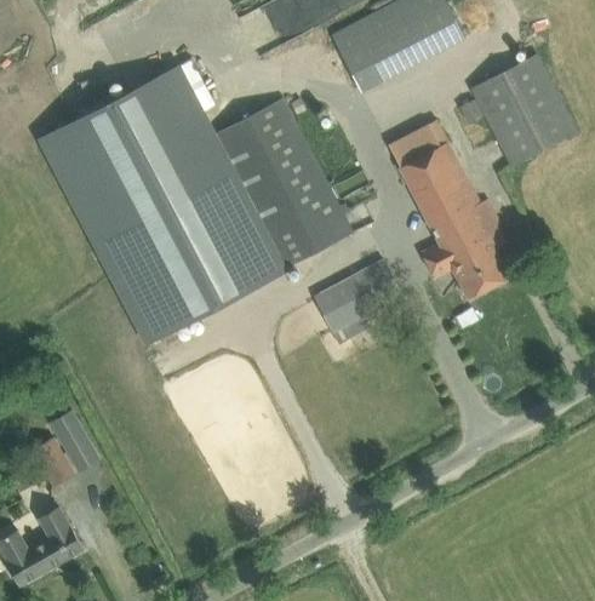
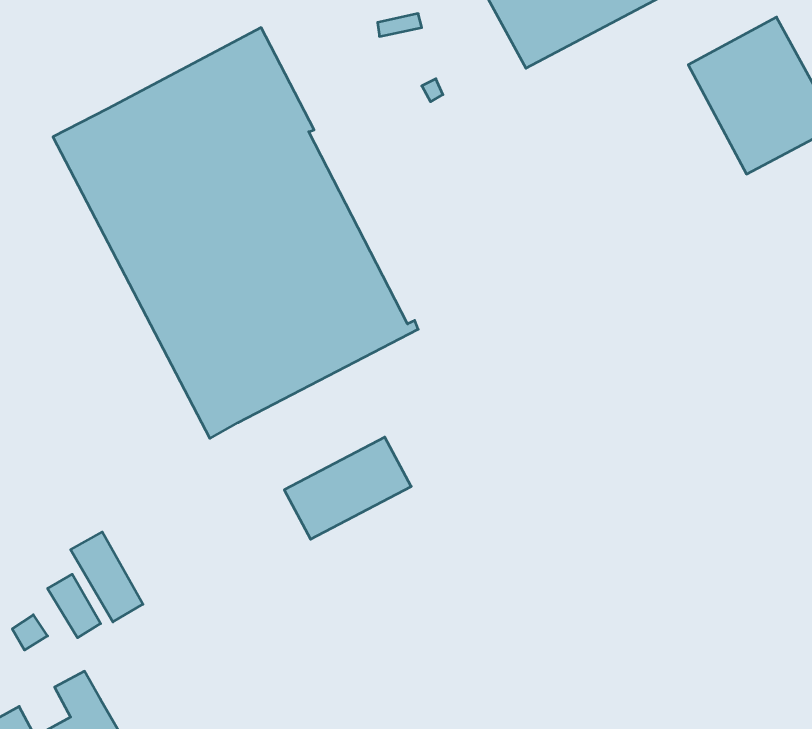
building: [213,99,353,268] -> none
building: [388,119,510,298] -> none
building: [315,262,402,332] -> [284,437,411,539]

